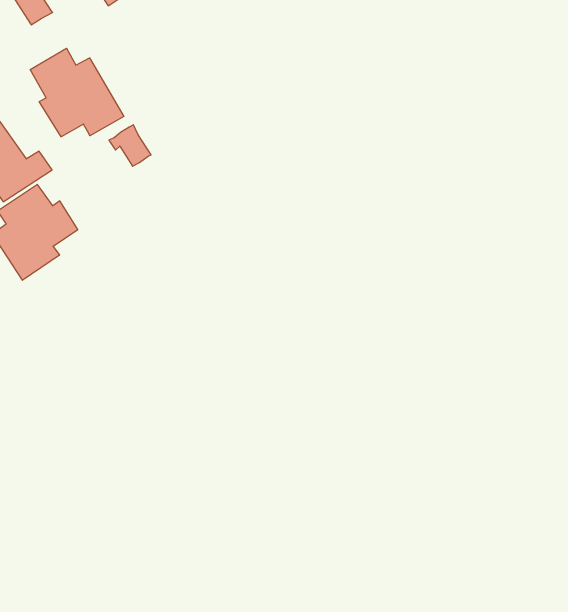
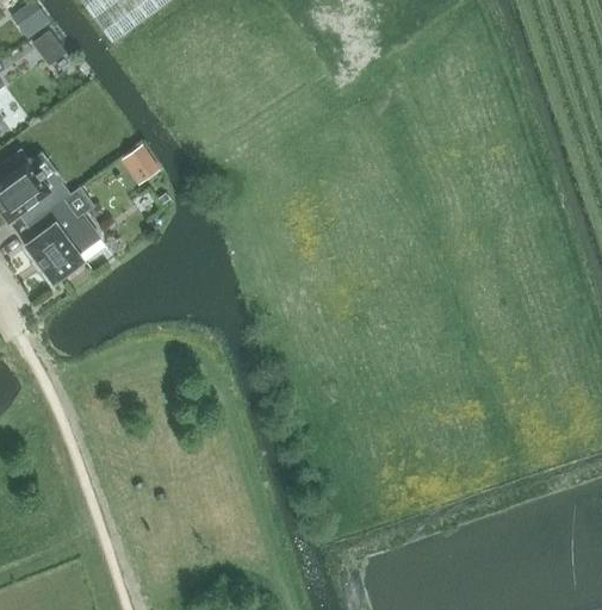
building: [30,48,124,137] -> none

